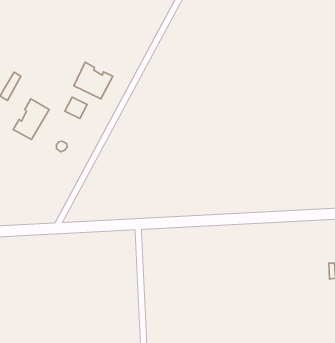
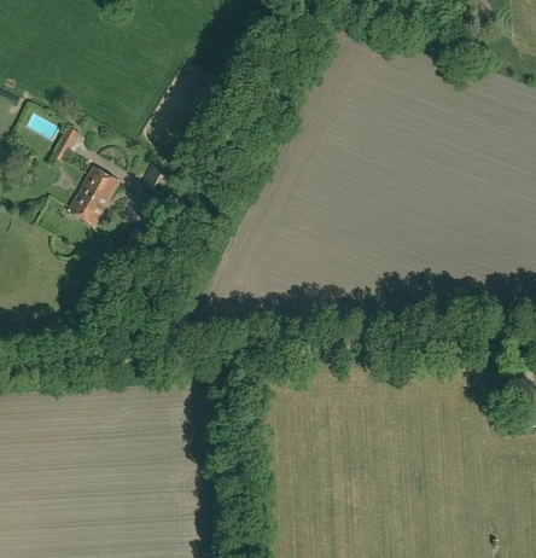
building: [74,62,113,99] -> none

